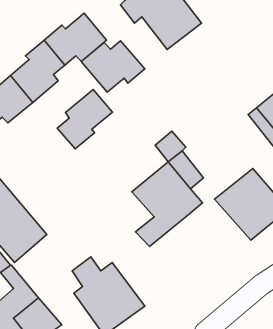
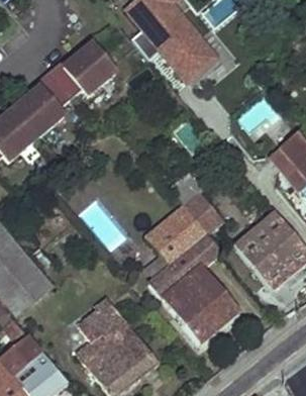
building: [81,41,145,92] -> none
building: [57,90,112,149] -> none
building: none -> [163,265,238,340]

